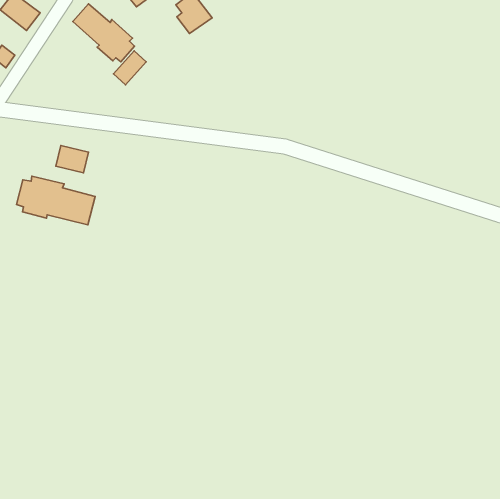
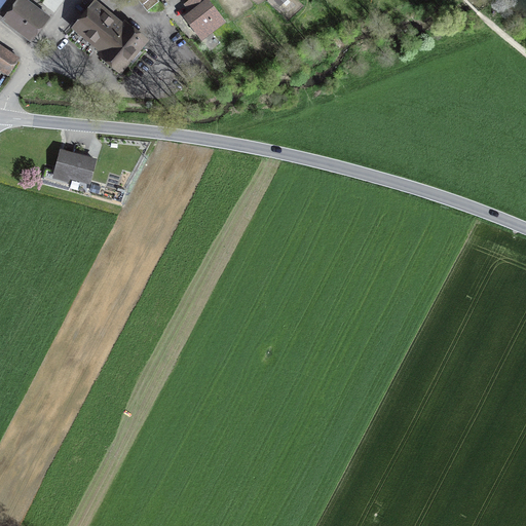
building: [114,51,146,85] -> none
building: [16,176,95,225] -> none

